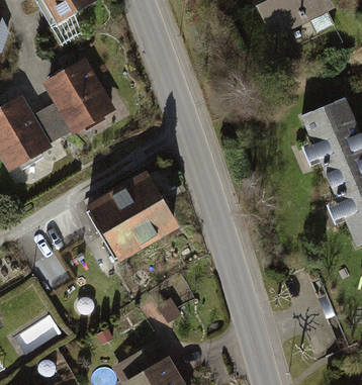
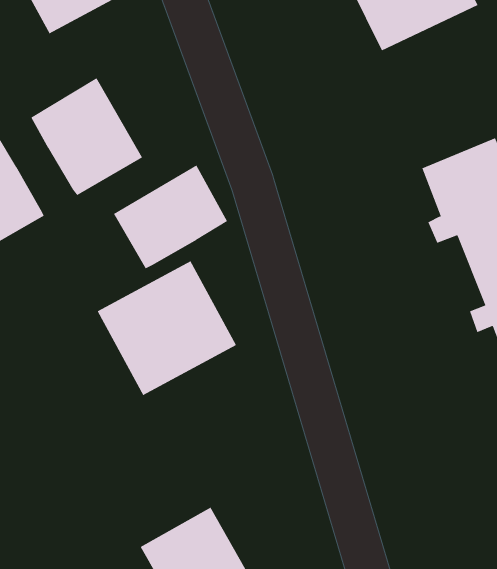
building: [32,102,69,142] -> none
building: none -> [113,165,228,269]

